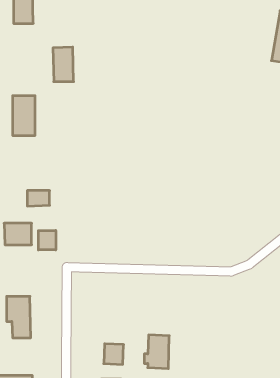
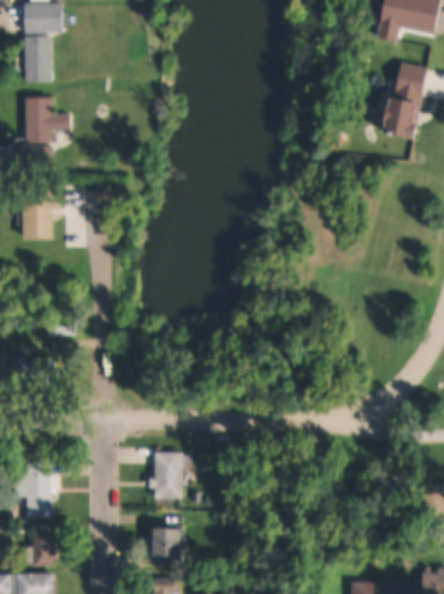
building: [53,47,74,82] -> [26,96,55,144]
building: [38,230,56,250] -> none
building: [144,335,169,369] -> [147,452,182,499]
building: none -> [30,534,51,564]

